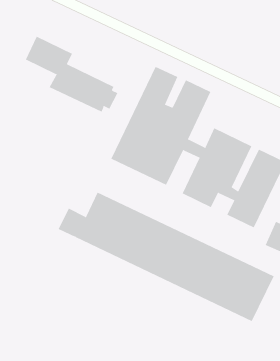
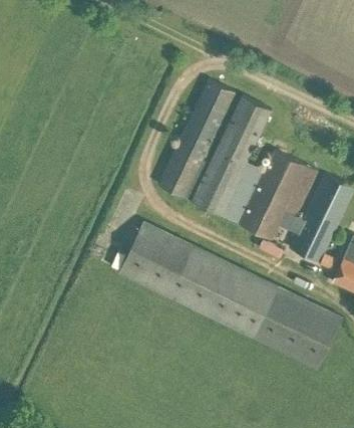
building: [25,36,118,112] -> none

